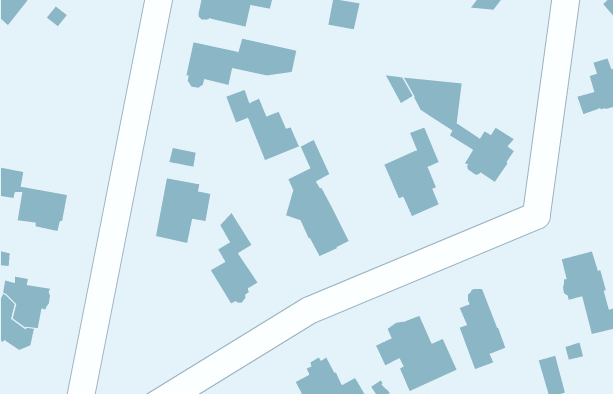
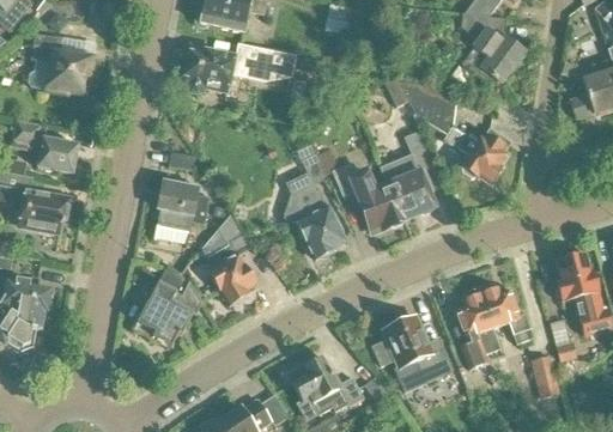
building: none -> [461,13,523,84]
building: none -> [28,34,93,95]
building: [226,89,300,161] -> [334,163,407,233]
building: none -> [13,121,78,174]
building: none -> [133,268,202,346]
building: none -> [478,282,534,343]

